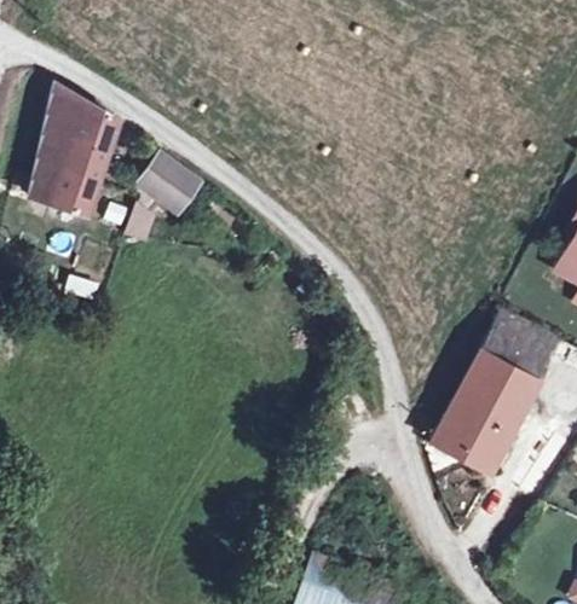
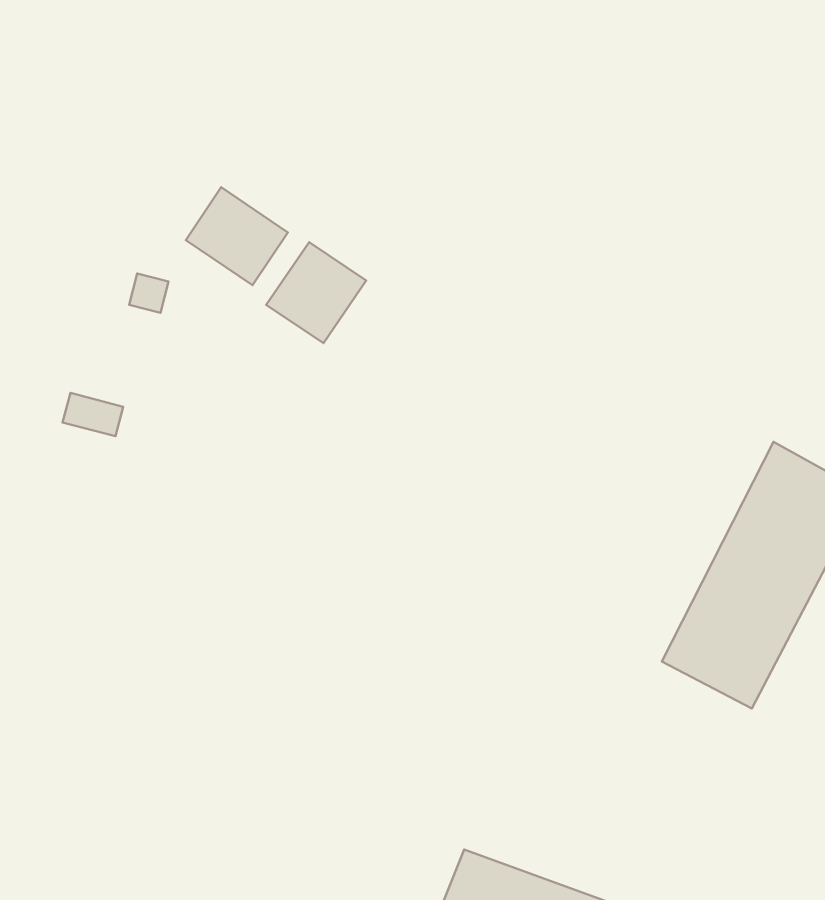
building: [31,87,115,215] -> none
building: none -> [266,242,366,343]

